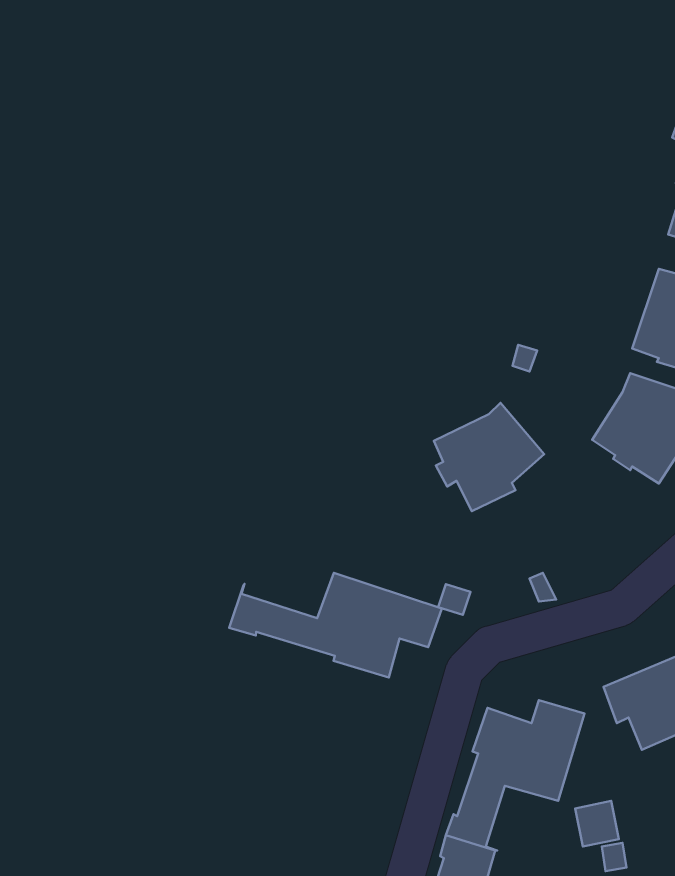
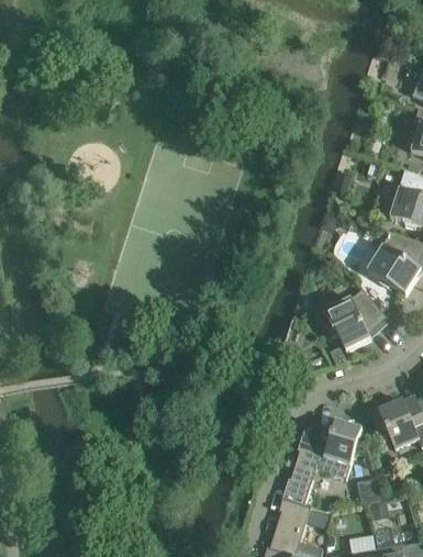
building: [434,403,544,511] -> [323,290,387,353]
building: [229,573,442,677] -> none

